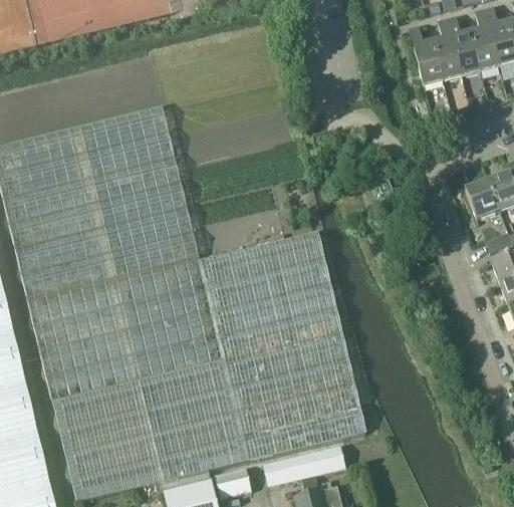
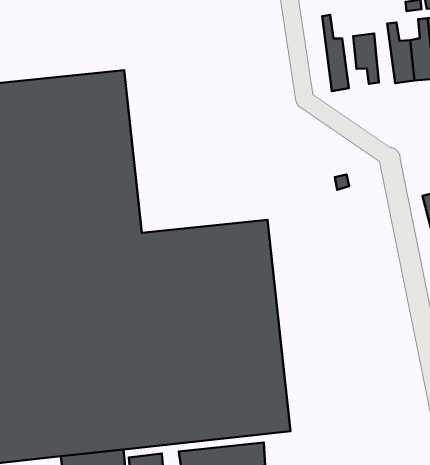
building: none -> [322,15,349,91]
building: none -> [353,34,379,84]

